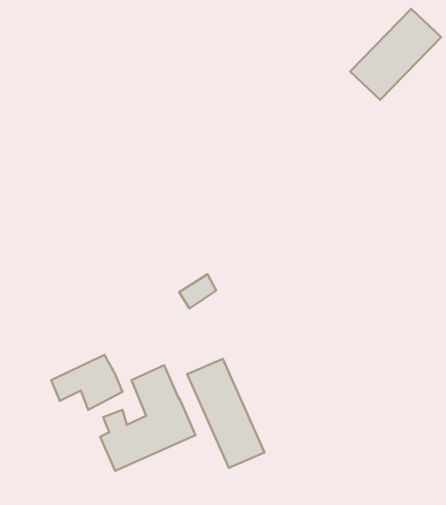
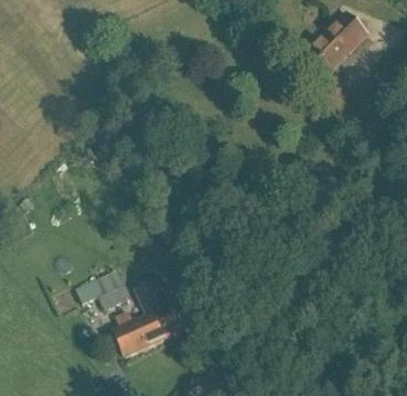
building: [187,359,264,468] -> none

